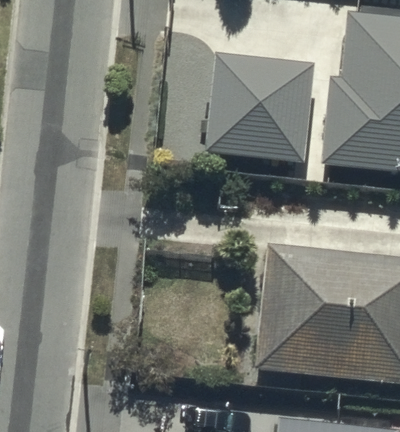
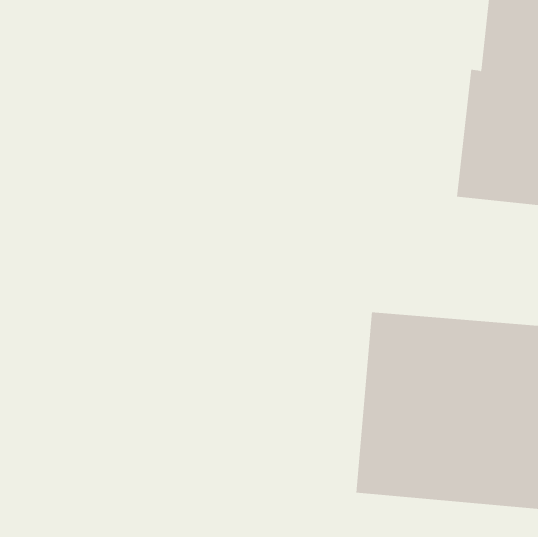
building: [207,52,315,163] -> none

